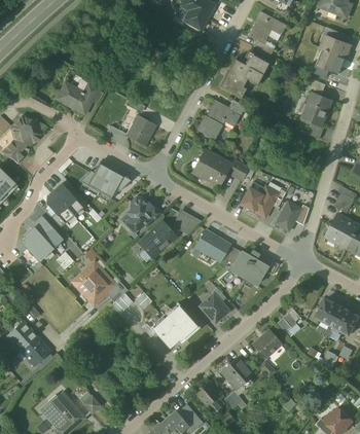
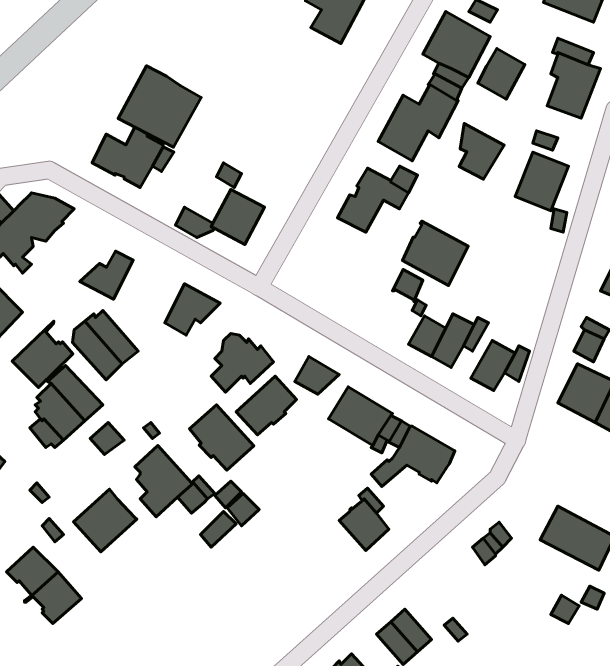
building: none -> [478,48,525,99]
building: none -> [118,66,201,147]
building: none -> [459,124,504,179]
building: [193,149,231,186] -> [402,221,468,285]
building: [79,164,110,191] -> [80,251,133,299]
building: none -> [12,321,73,387]
building: none -> [190,405,254,470]
building: none -> [73,489,137,552]
building: [151,304,200,352] -> none
building: [253,328,282,357] -> none

